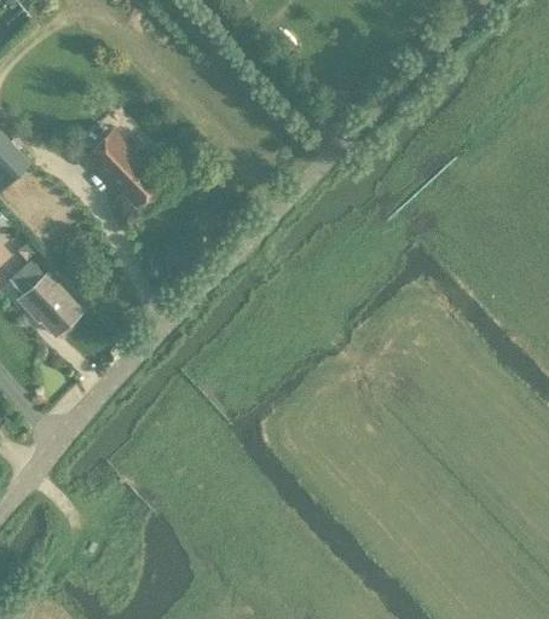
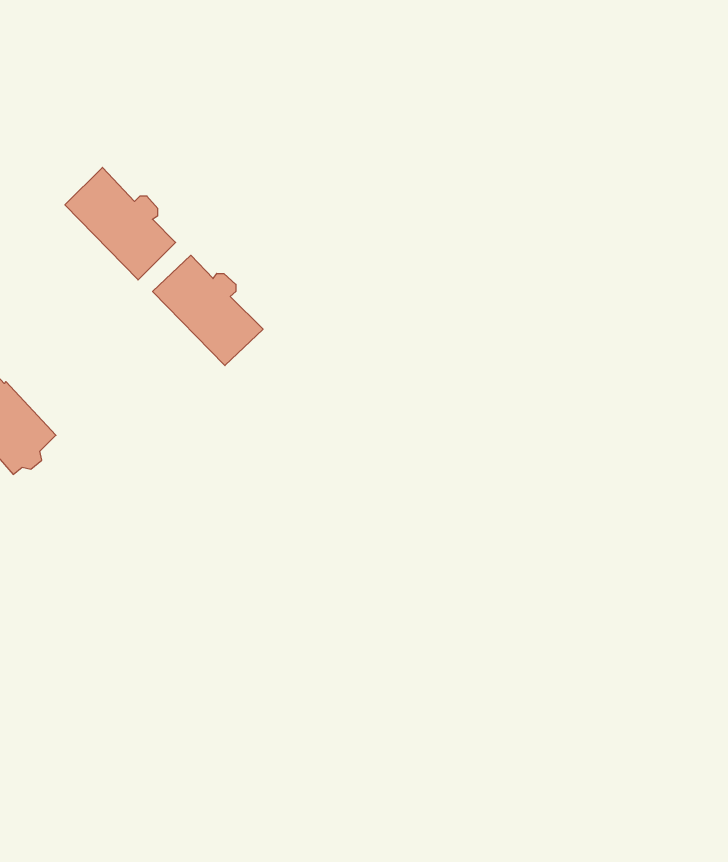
building: none -> [153,255,263,366]

